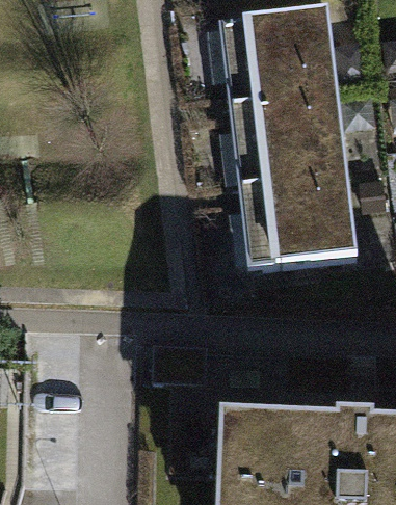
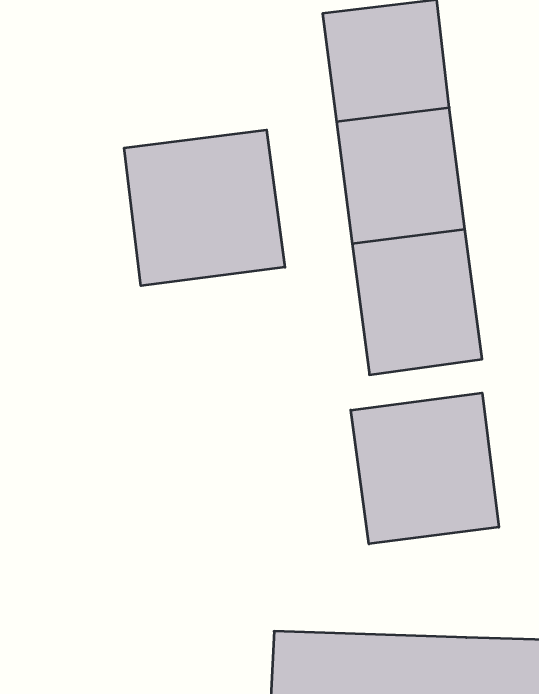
building: none -> [124,130,285,286]
building: none -> [351,393,499,544]

